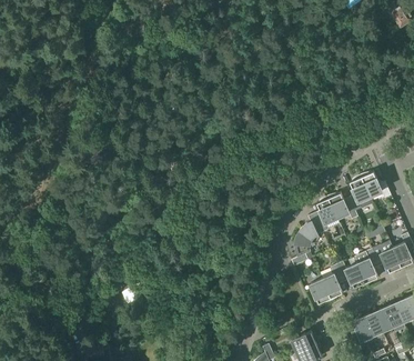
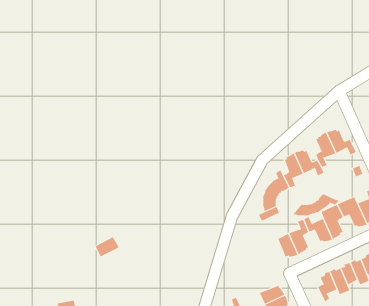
building: none -> [293,193,340,216]

